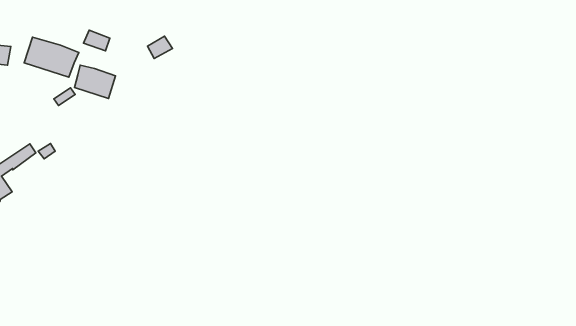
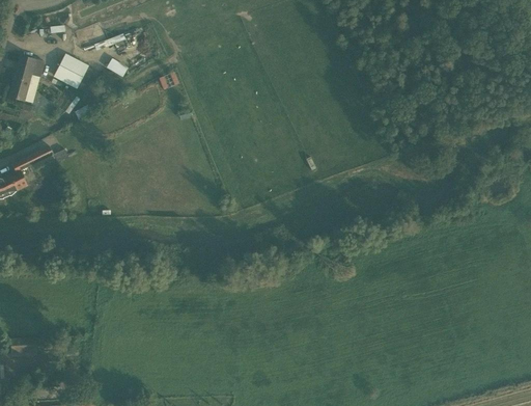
building: [74,65,116,98] -> none

